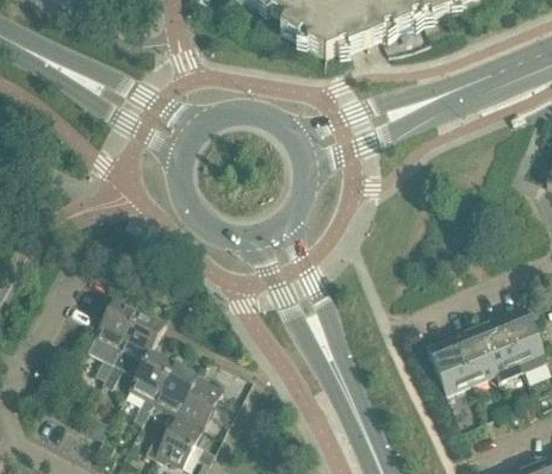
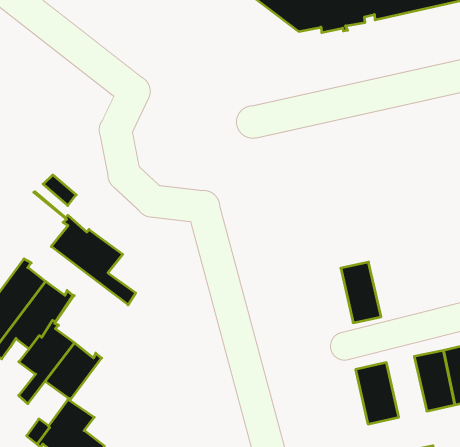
building: none -> [34,192,136,305]
building: [453,326,496,382] -> [341,262,381,323]
building: [176,374,222,428] -> none

